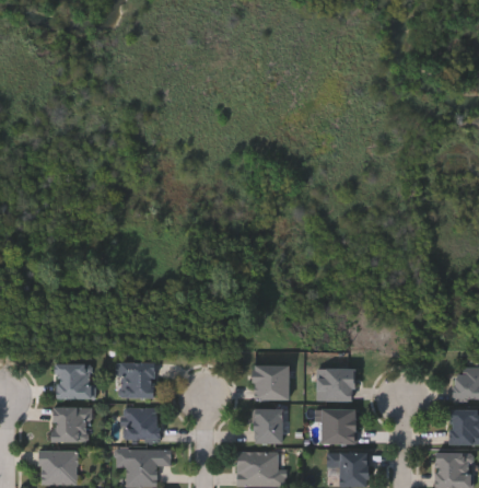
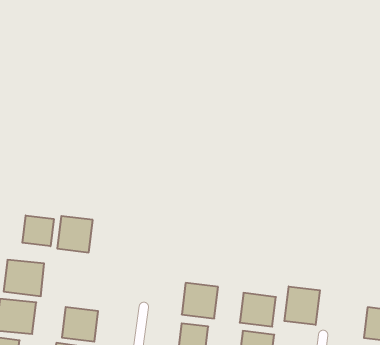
building: none -> [22,215,54,246]
building: none -> [284,286,320,325]
building: [118,363,153,399] -> [57,216,93,252]

